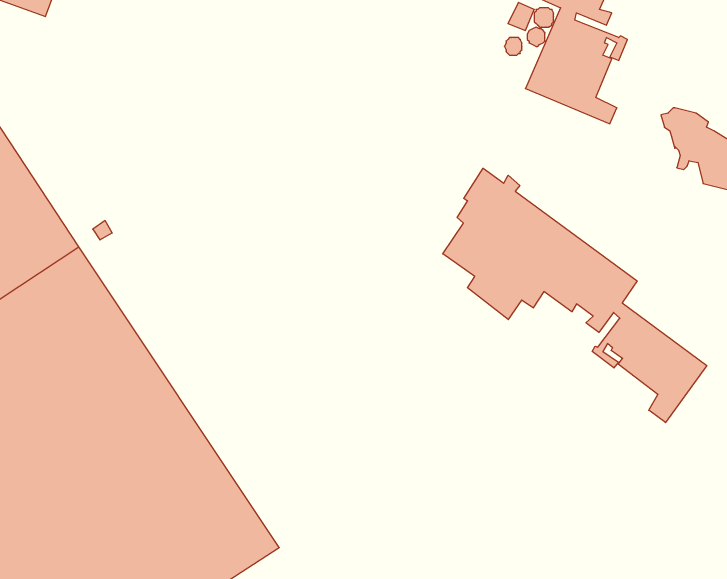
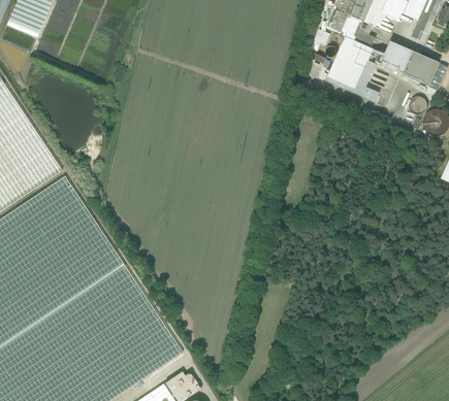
building: none -> [379,40,438,86]
building: [443,168,707,423] -> none

